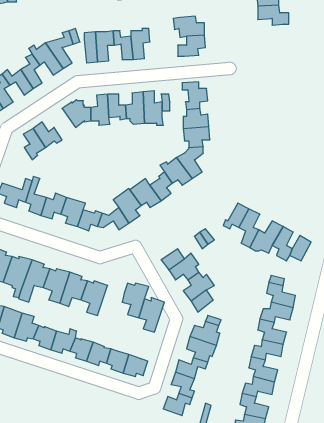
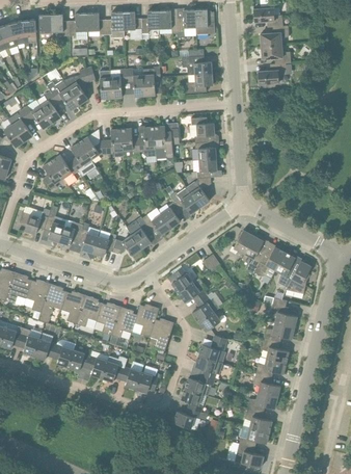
building: none -> [258,62,291,83]
building: none -> [71,141,97,177]
building: none -> [112,307,137,338]

